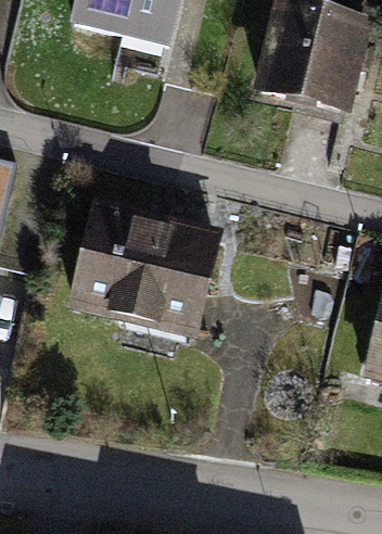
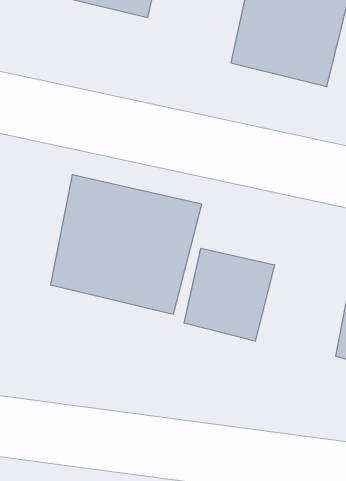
building: none -> [184,248,274,341]

